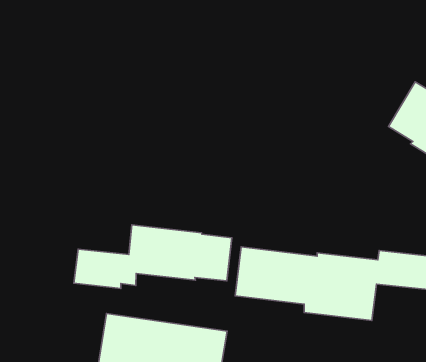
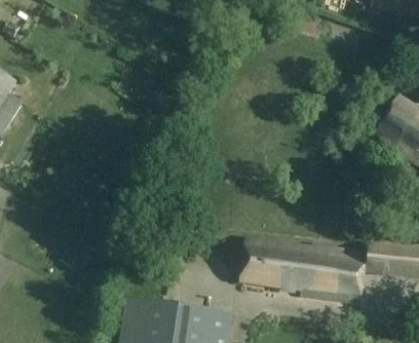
building: [74,225,232,288] -> none

